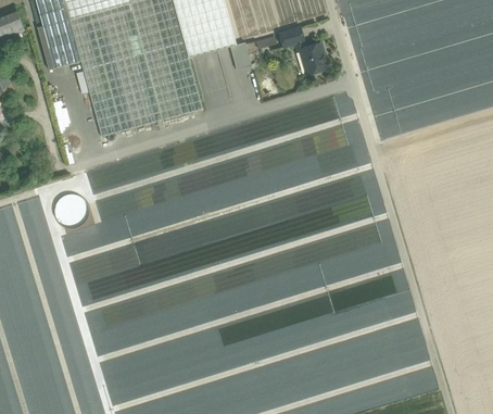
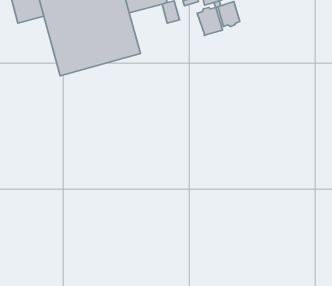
building: none -> [197,8,223,36]

